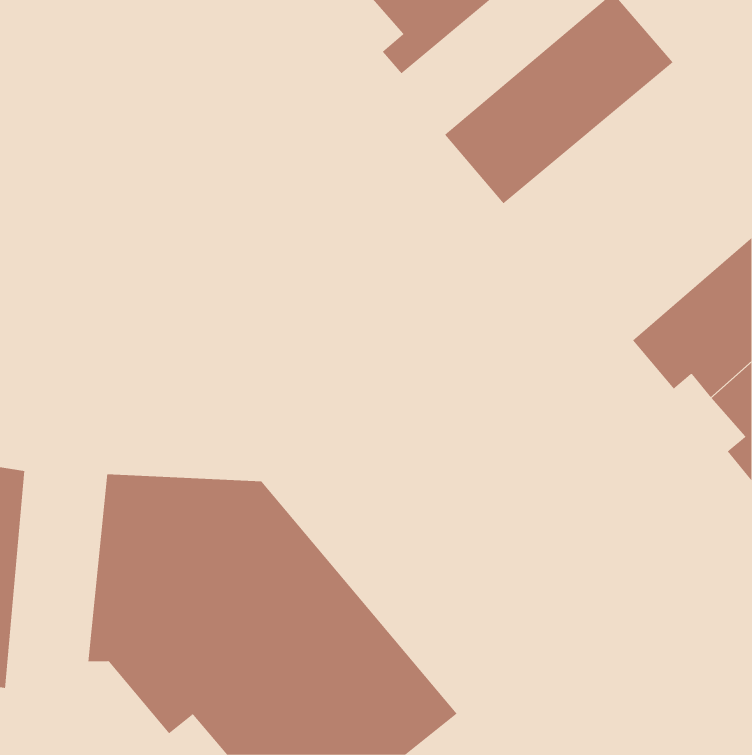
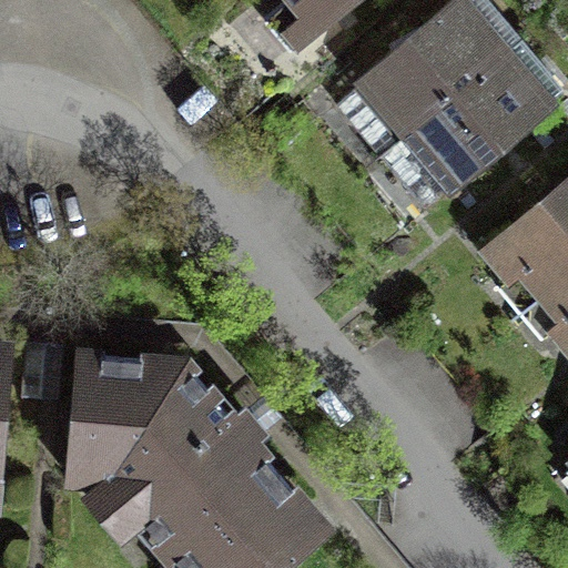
building: none -> [377,47,550,207]

